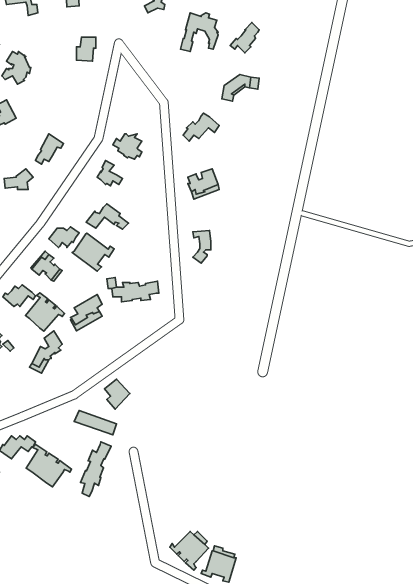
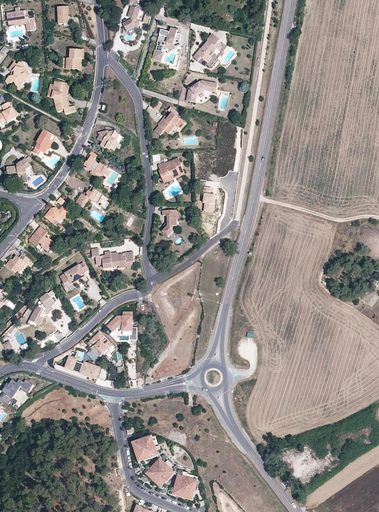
building: none -> [50,79,75,113]
building: [72,233,114,271] -> none
building: [26,293,65,331] -> none
building: none -> [106,312,136,340]
building: [81,442,111,497] -> none
building: [26,445,71,487] -> none
building: none -> [131,435,158,468]

